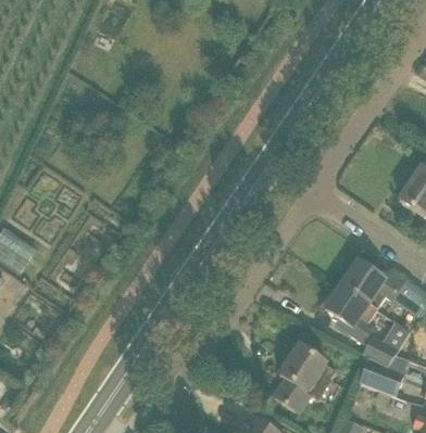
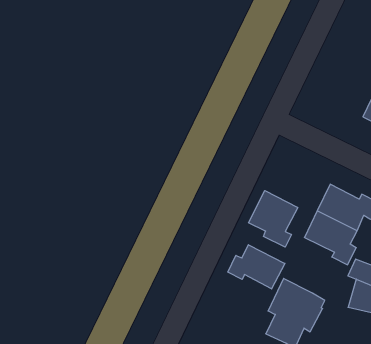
building: none -> [249,191,298,247]
building: none -> [228,245,285,289]

